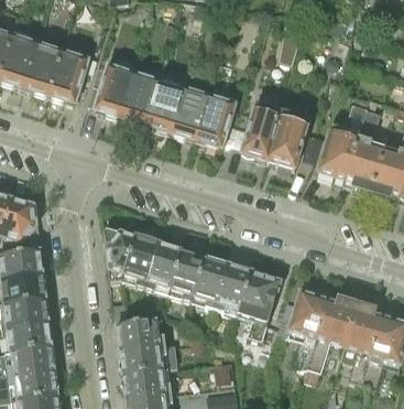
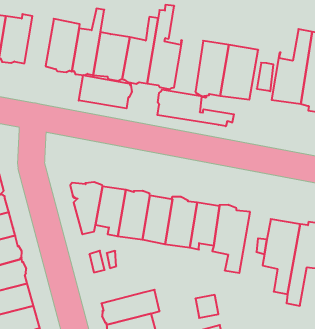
building: none -> [79,75,132,108]
building: none -> [157,90,234,126]
building: [117,319,165,352] -> none

